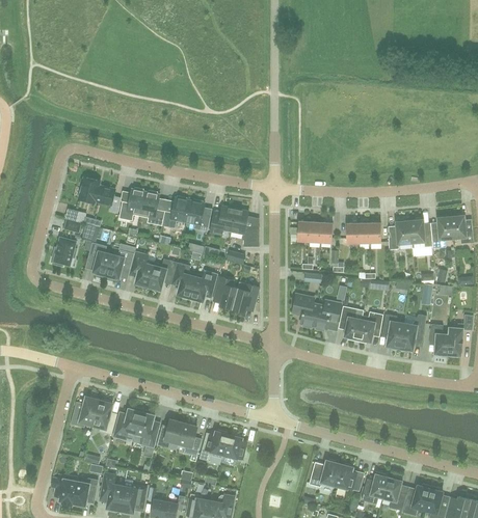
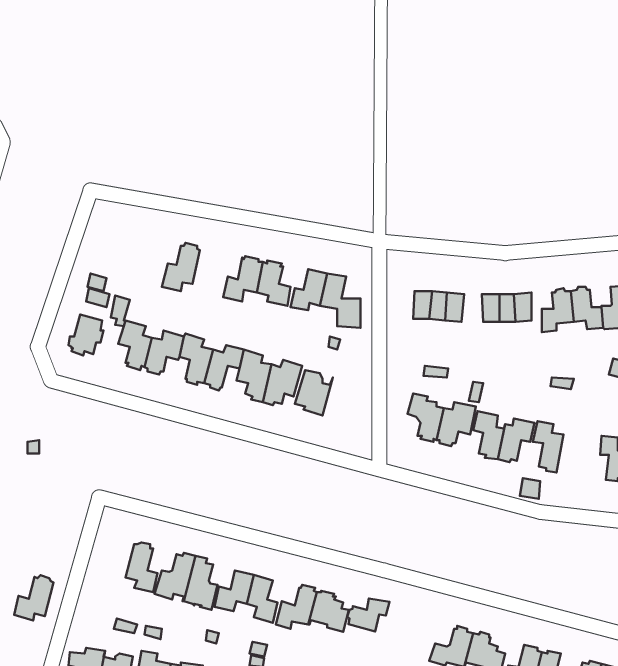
building: [78,178,114,206] -> none
building: [139,190,164,225] -> none
building: [232,282,259,312] -> none
building: [398,315,425,351] -> none
building: [70,396,98,428] -> [14,575,54,621]
building: none -> [347,598,390,631]

